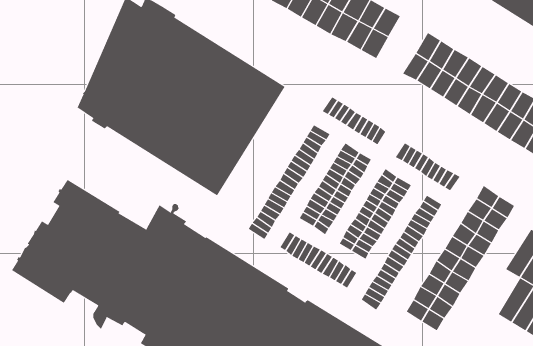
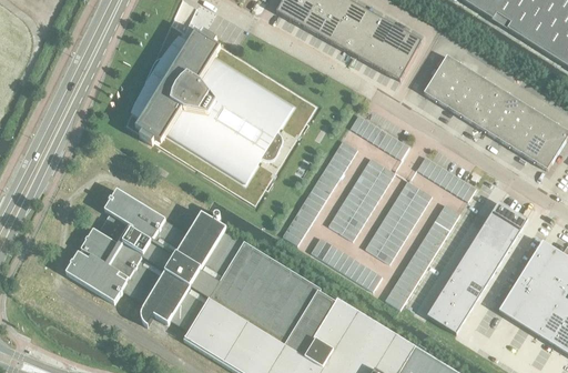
building: none -> [498,272,531,313]

